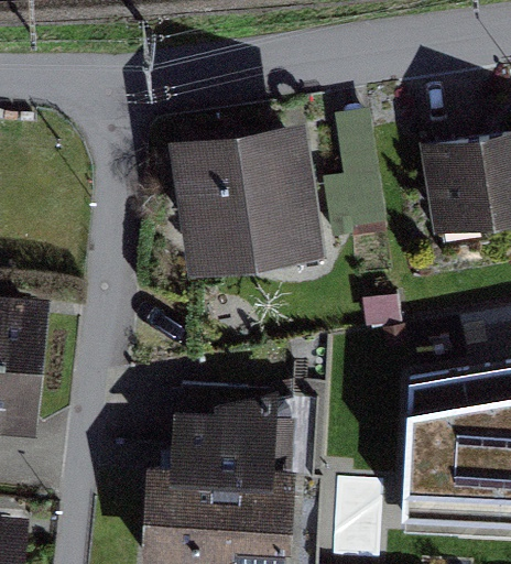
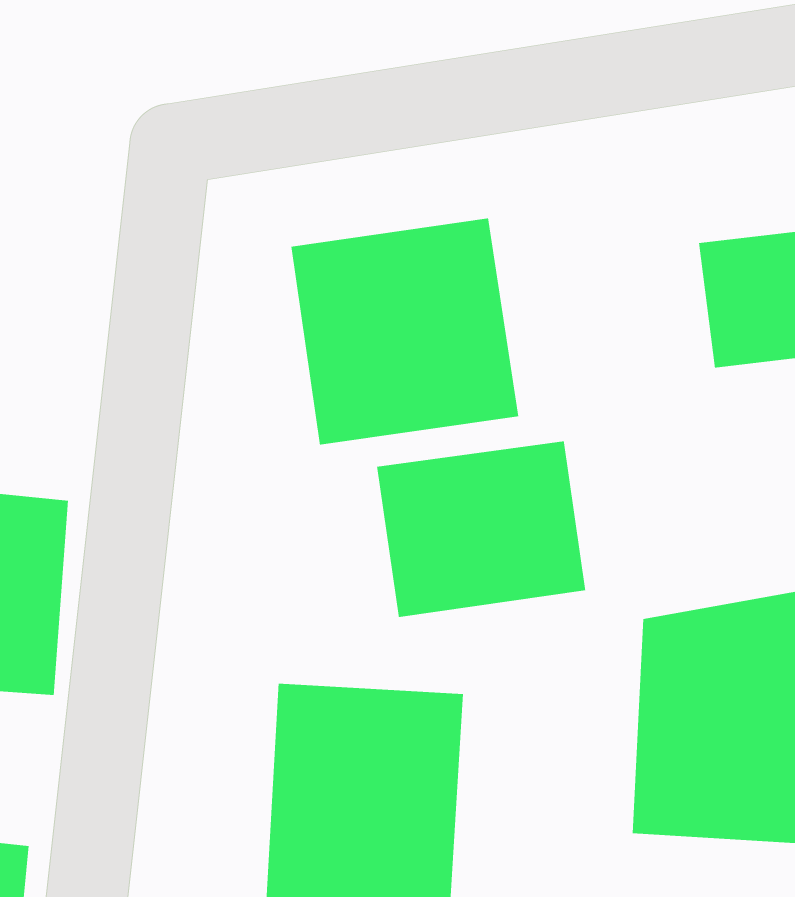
building: none -> [376,441,586,618]

